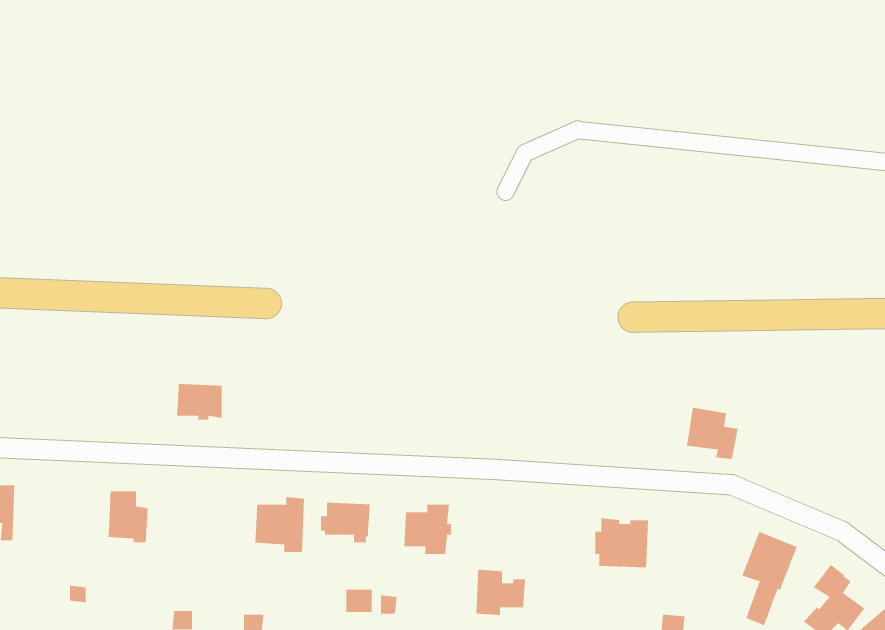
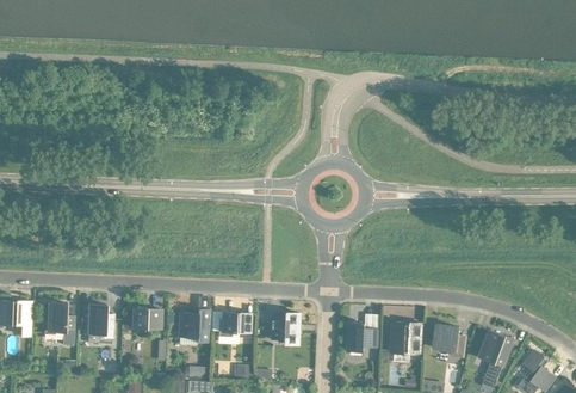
building: [176,383,223,420] -> [131,308,160,331]
building: [686,407,738,459] -> [433,324,465,356]
building: none -> [43,302,73,344]
building: [476,569,526,616] -> [347,323,378,351]

